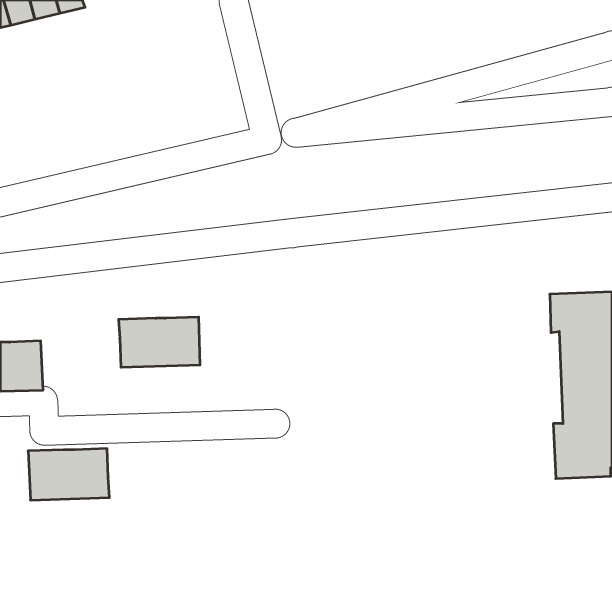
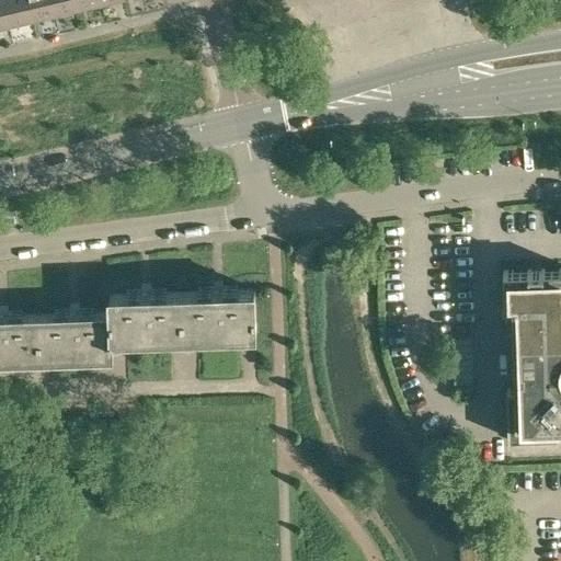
building: none -> [182,295,255,342]
building: [28,449,109,500] -> [37,318,112,365]

